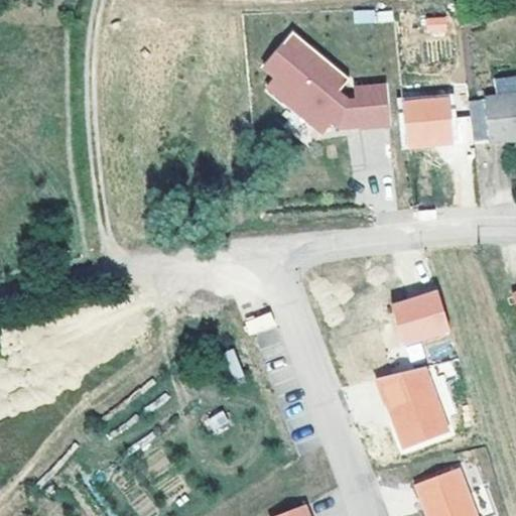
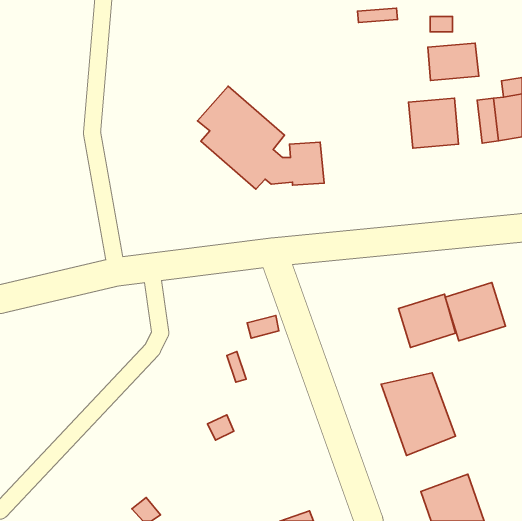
building: [264,30,389,132] -> [198,86,324,189]
building: none -> [428,43,479,81]
building: none -> [445,283,506,341]

